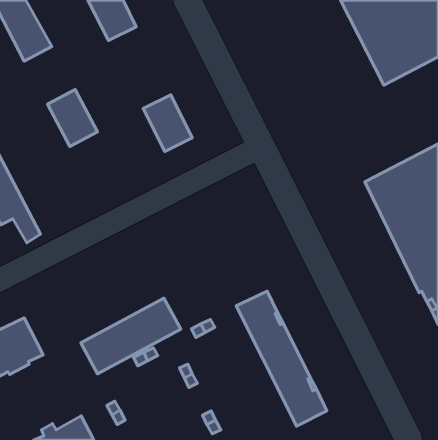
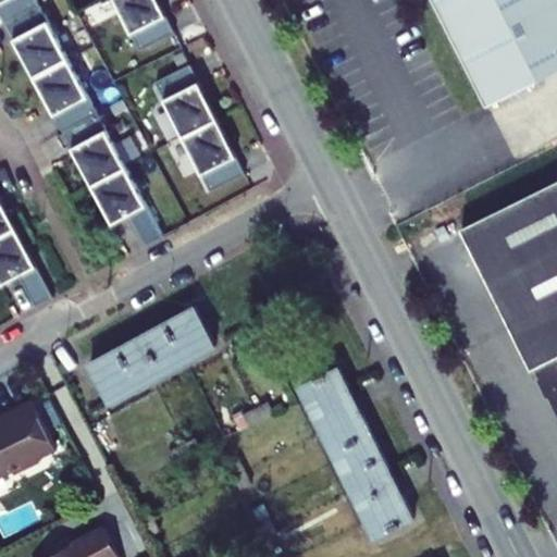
building: none -> [30,59,95,132]
building: none -> [153,64,215,137]
building: none -> [88,166,161,246]
building: [81,298,181,374] -> [88,307,214,403]

